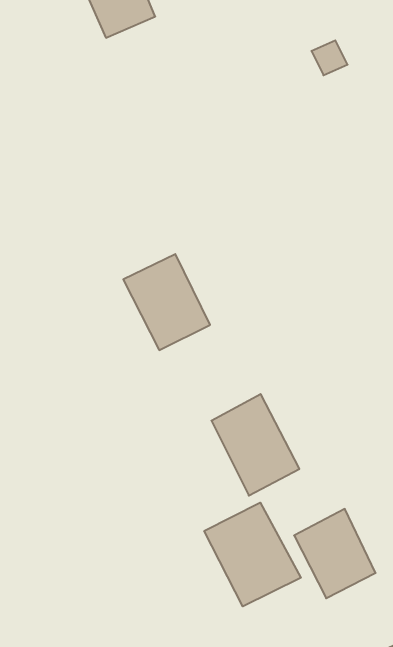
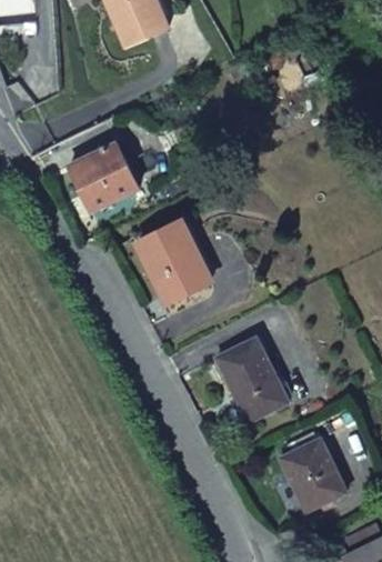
building: none -> [68,141,138,211]
building: [204,503,301,606] -> none

